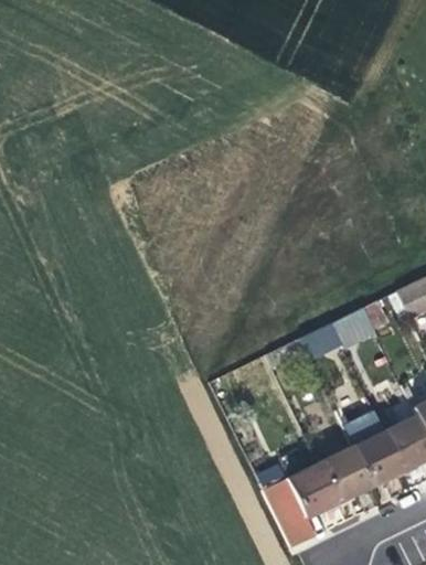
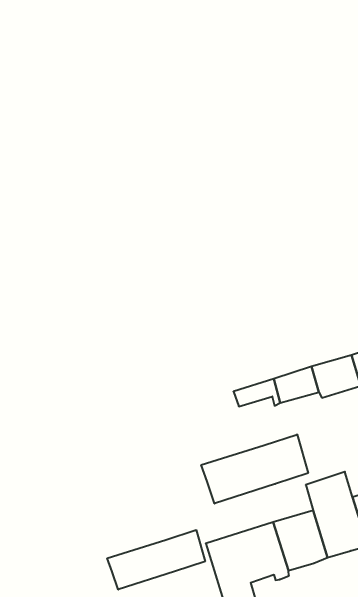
building: none -> [201,434,308,504]
building: none -> [107,530,205,590]

